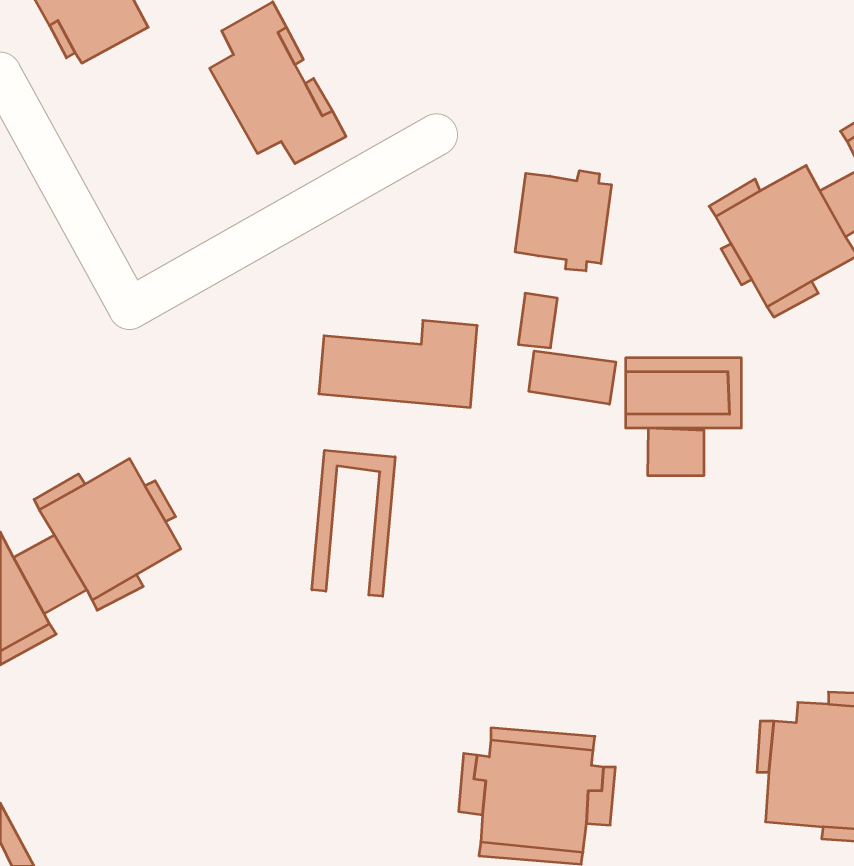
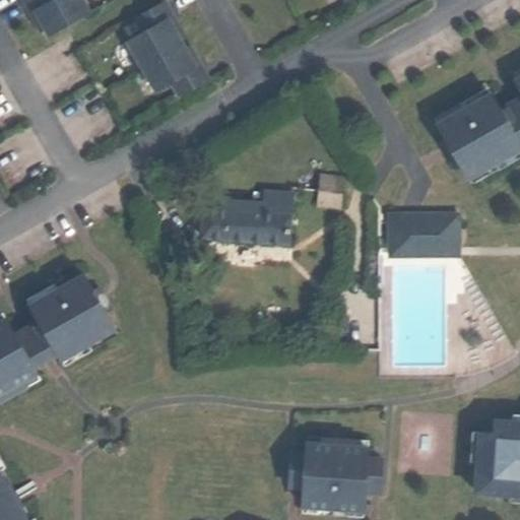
building: [515,171,611,271] -> none
building: [529,351,616,404] -> none
building: [648,428,704,476] -> none
building: [312,450,395,596] -> none

